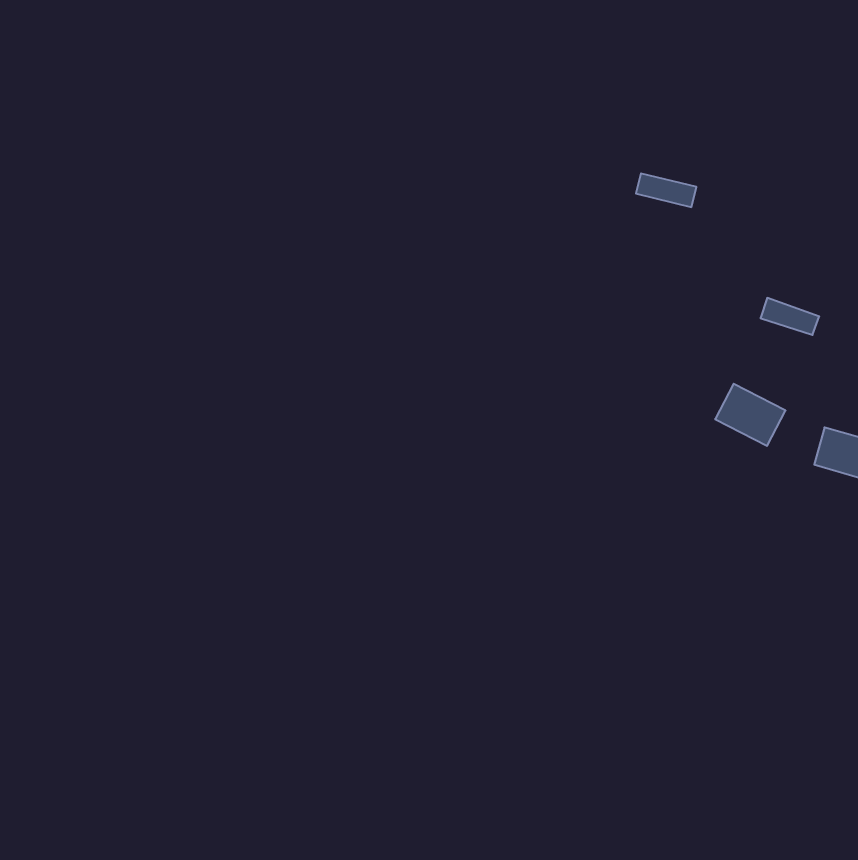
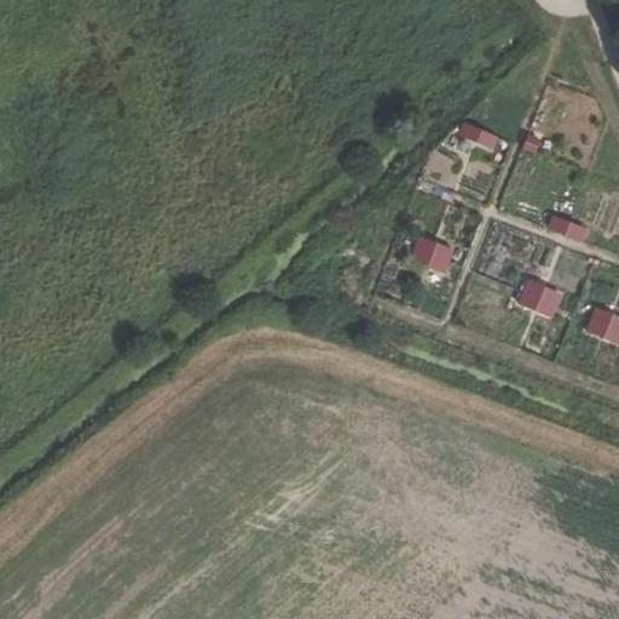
building: none -> [409,236,456,274]

